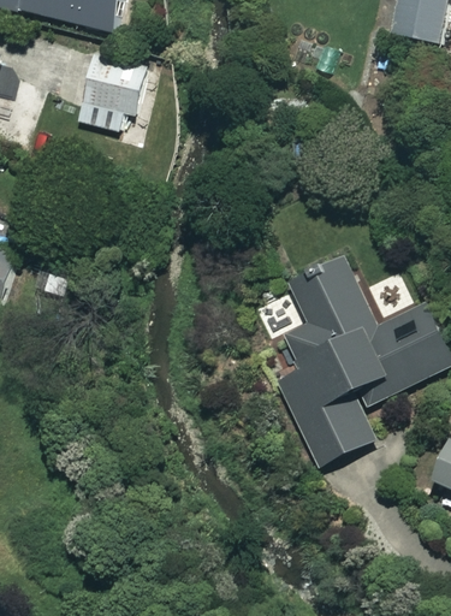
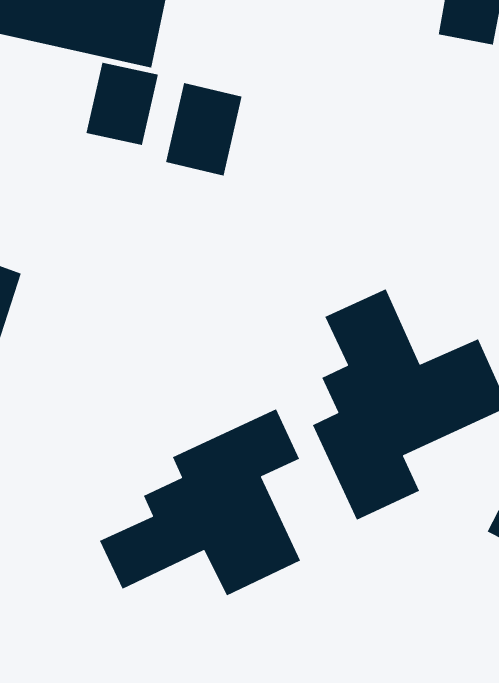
building: none -> [165,82,242,177]
building: none -> [99,408,301,596]

